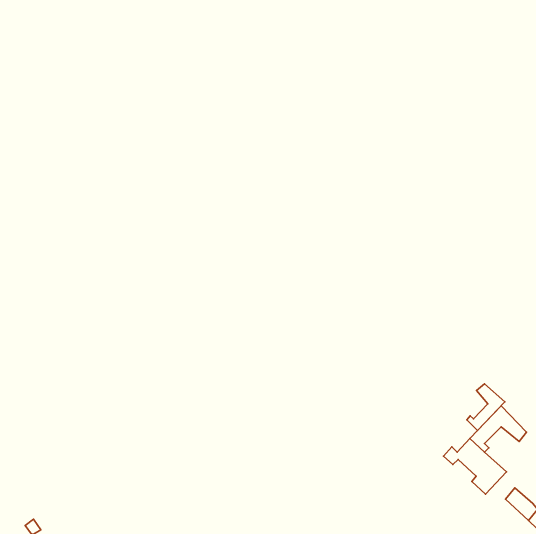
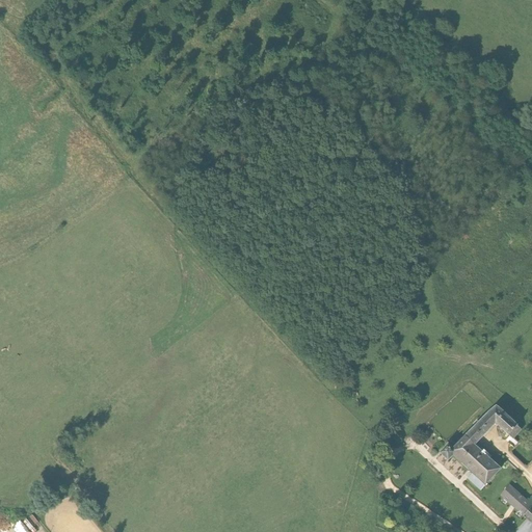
building: [467,384,505,430] -> none

